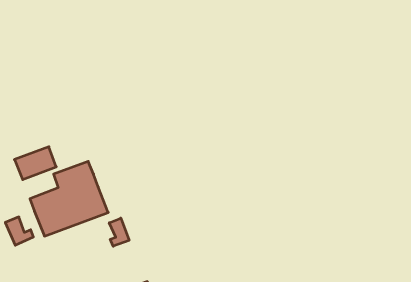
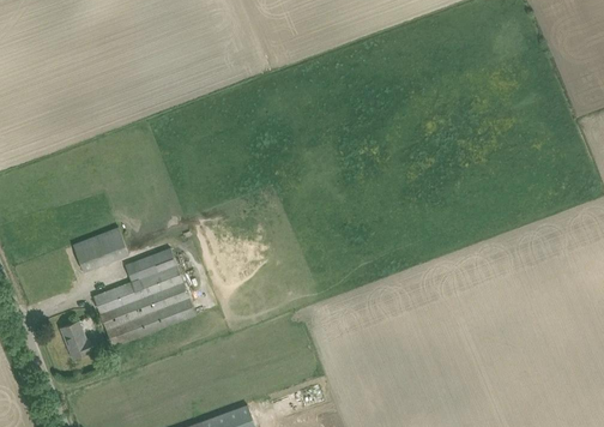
building: [109,218,129,246] -> none

